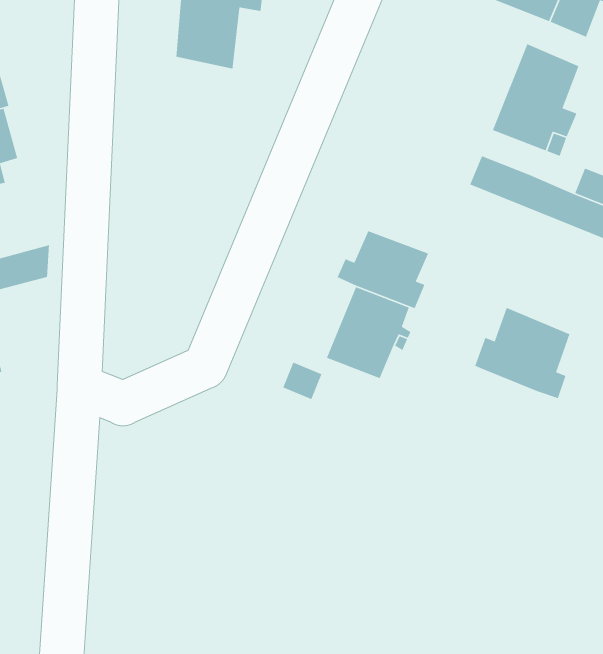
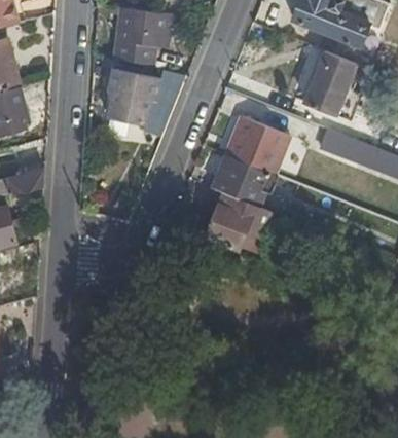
building: none -> [109,70,159,126]
building: none -> [225,116,288,175]
building: [474,307,570,399] -> none

